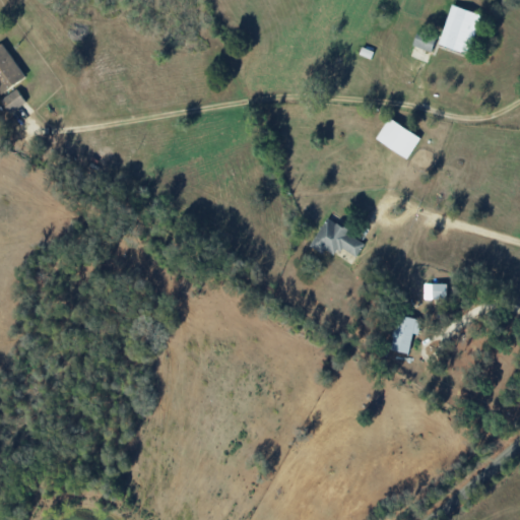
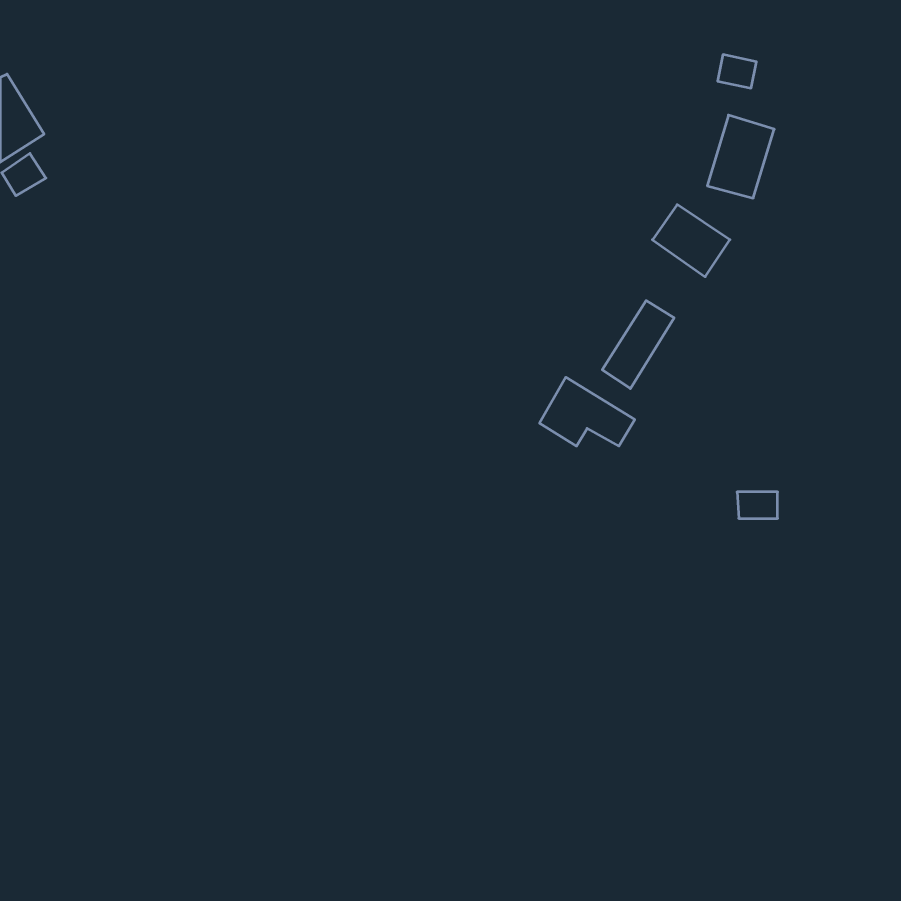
building: [439,5,477,53] -> [707,115,774,198]
building: none -> [602,301,674,389]
building: [390,315,421,353] -> none

